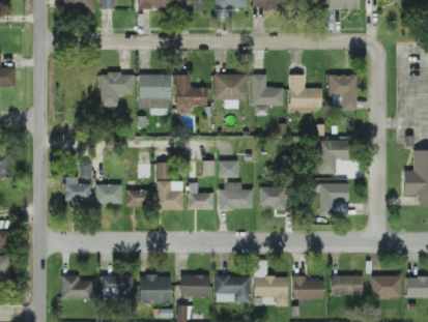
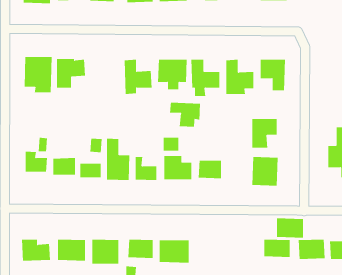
building: [138,74,170,114] -> [24,57,52,93]
building: none -> [169,102,200,128]
building: [253,260,287,305] -> none
building: [292,276,323,299] -> [276,218,304,238]

